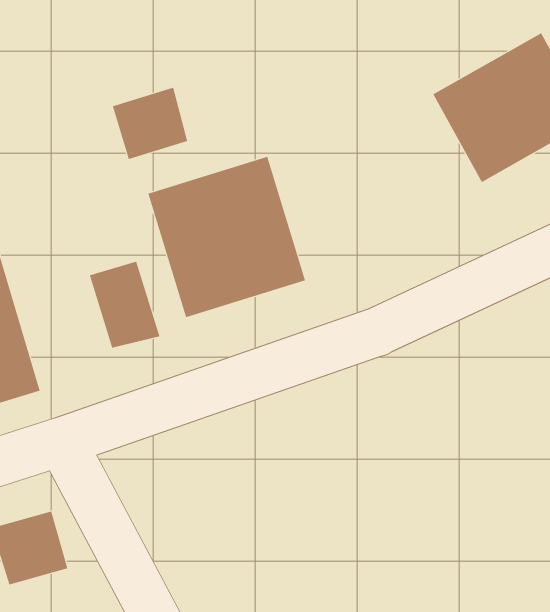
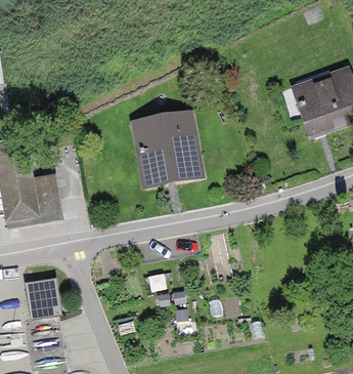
building: [112,87,188,160] -> none
building: [89,261,160,349] -> none

